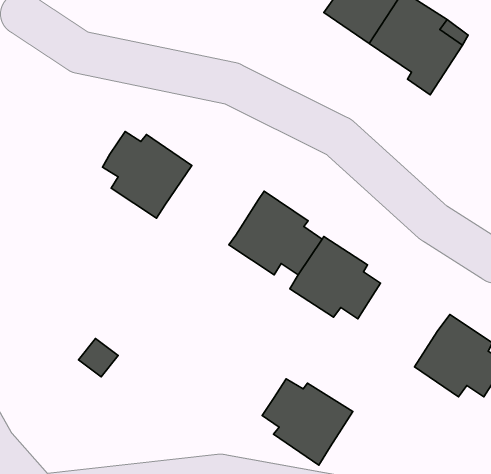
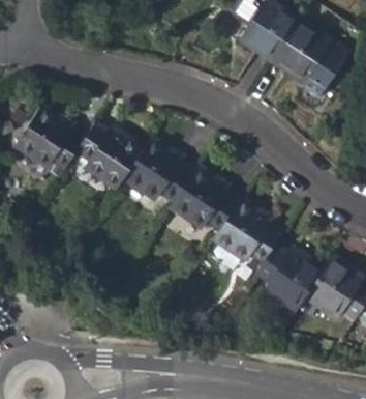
building: none -> [16,110,83,170]
building: none -> [123,141,191,203]
building: [262,379,353,465] -> [255,249,322,312]

